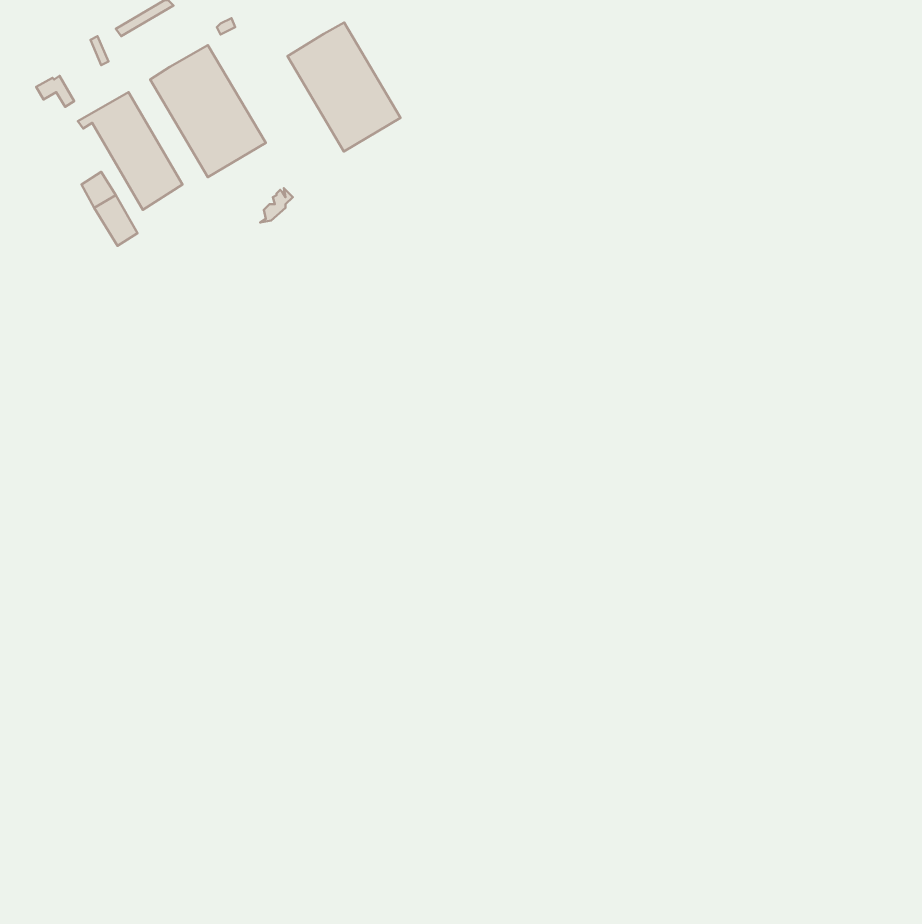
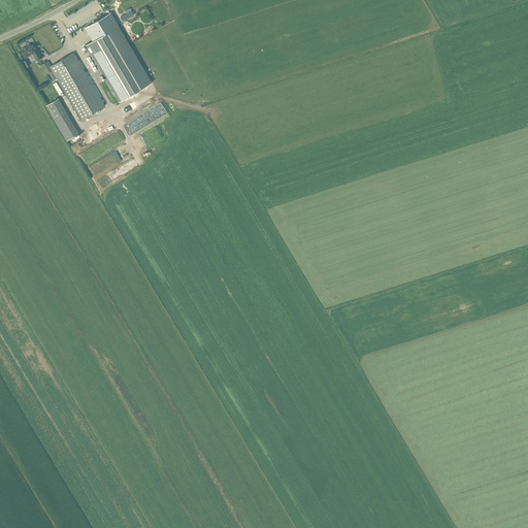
building: none -> [91,12,120,38]
building: [287,23,401,151] -> none

